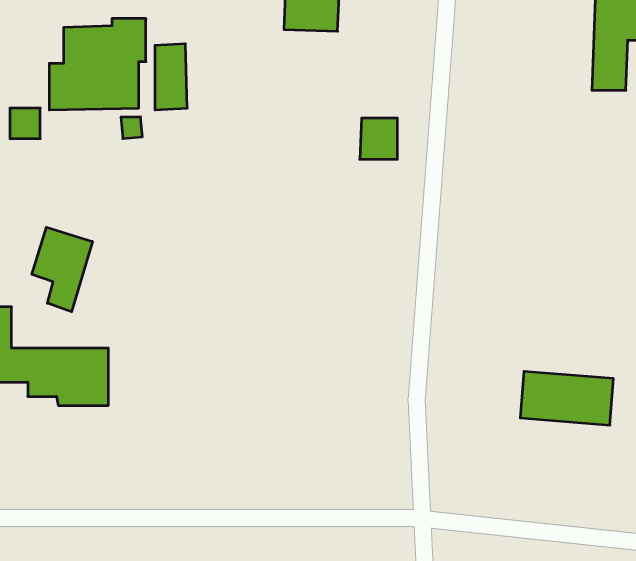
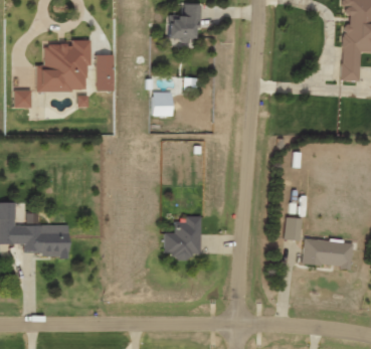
building: [360,118,397,159] -> [152,93,173,116]
building: [32,227,92,312] -> none
building: none -> [164,216,201,258]
building: none -> [284,217,303,241]

